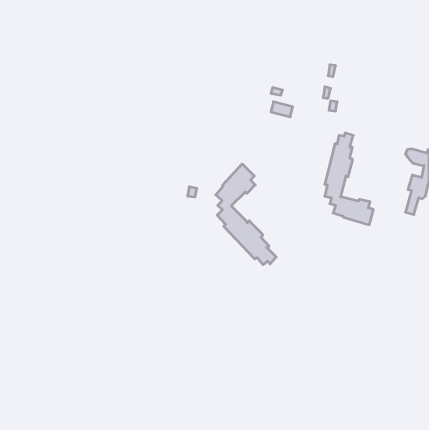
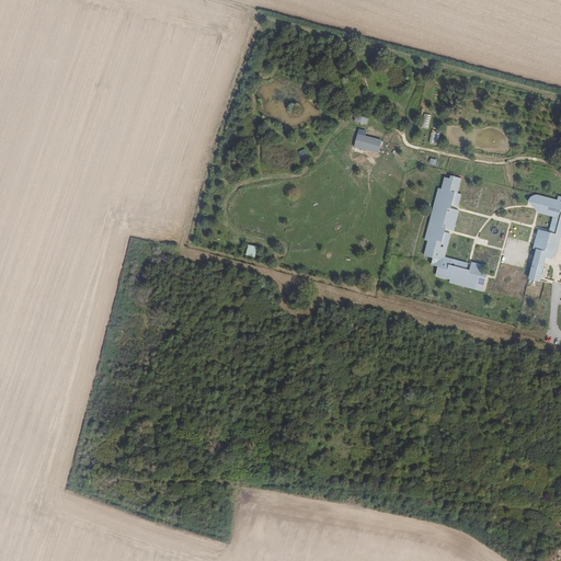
building: [216,164,276,265] -> none

